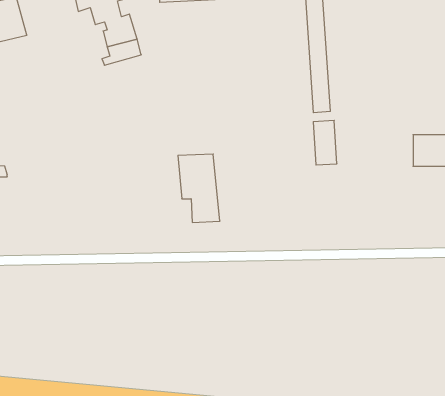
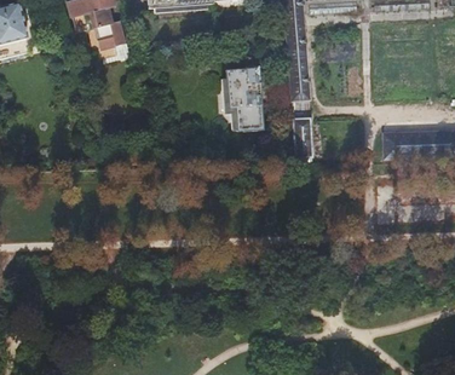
building: [178,154,220,222] -> [225,69,264,132]

